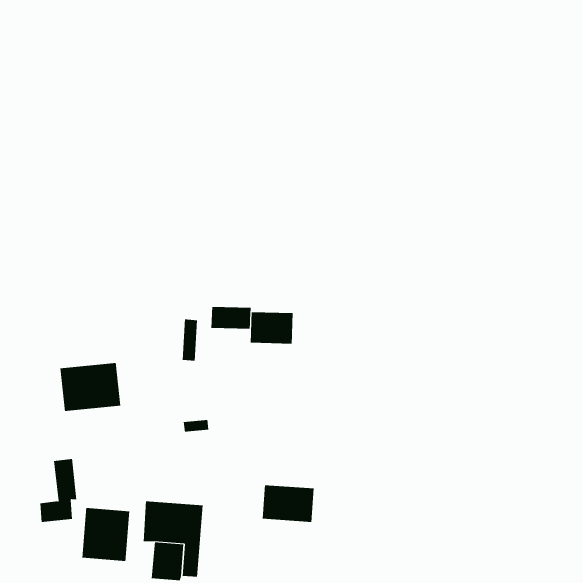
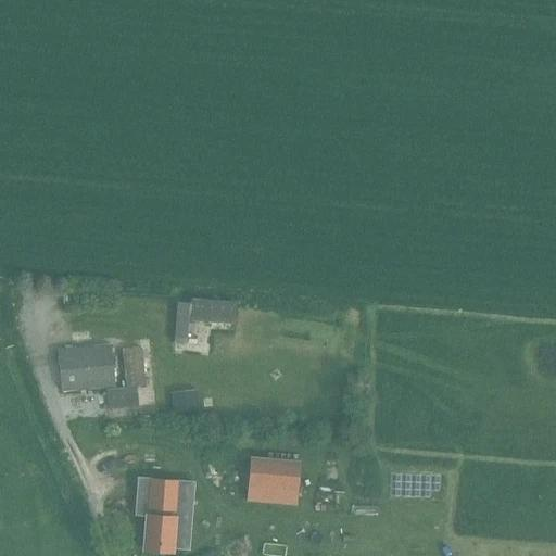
building: [250,311,293,344] -> none
building: [40,459,77,523] -> [109,348,144,408]
building: [82,507,130,562] -> none

